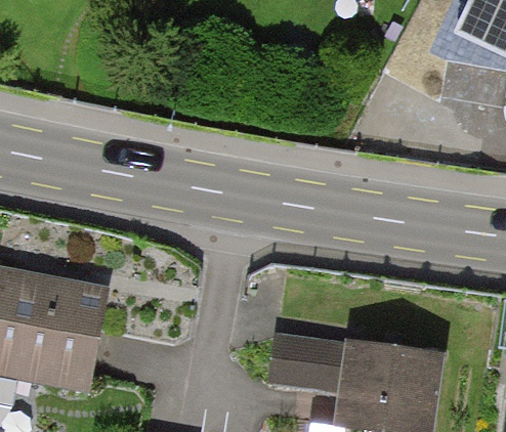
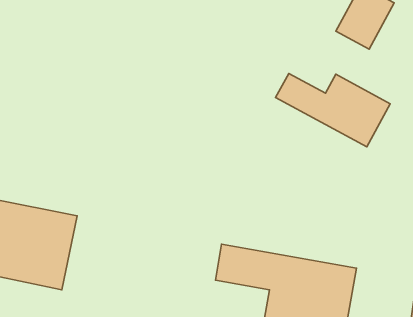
building: none -> [275,73,390,147]

